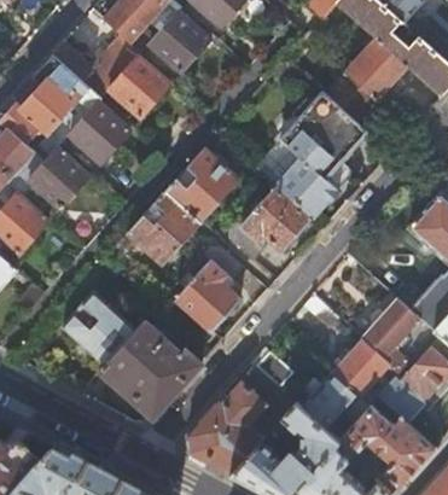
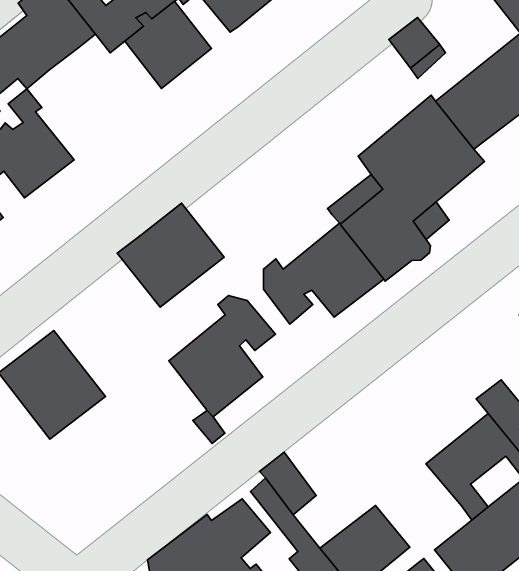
building: [50,87,129,161] -> none
building: [167,148,239,222] -> none
building: [101,321,202,418] -> none
building: [332,338,390,396] -> none

